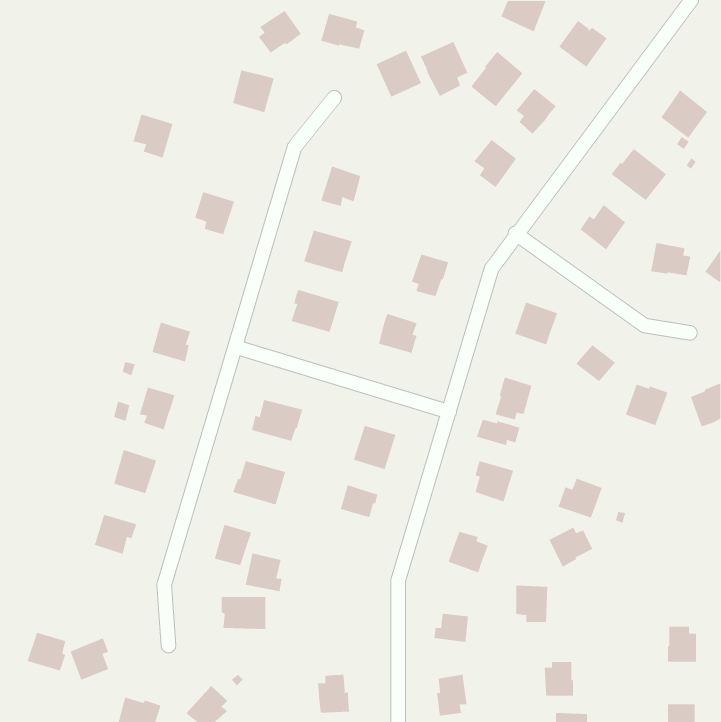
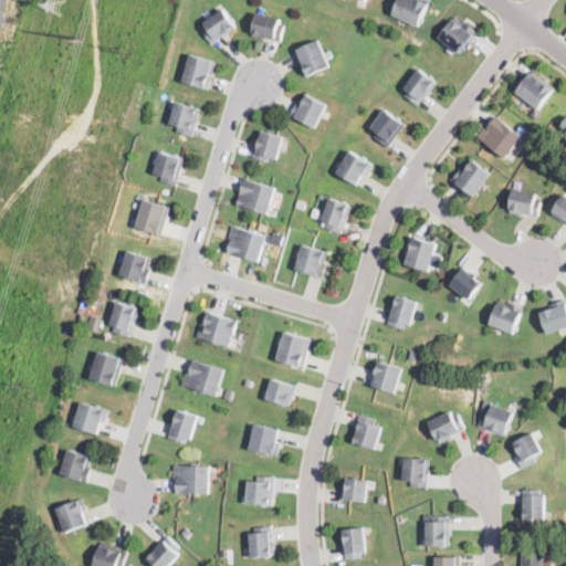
building: [420,41,469,97] -> none
building: [471,51,523,107] -> none
building: [132,114,174,159] -> [167,102,199,137]
building: none -> [289,95,326,128]
building: none -> [335,150,373,185]
building: none -> [135,200,168,235]
building: [476,419,521,446] -> none
building: [558,478,603,519] -> [476,405,512,437]
building: [245,553,283,592] -> [249,424,279,455]
building: none -> [511,434,541,470]
building: none -> [245,476,272,505]
building: [26,632,66,672] -> [59,451,90,482]

